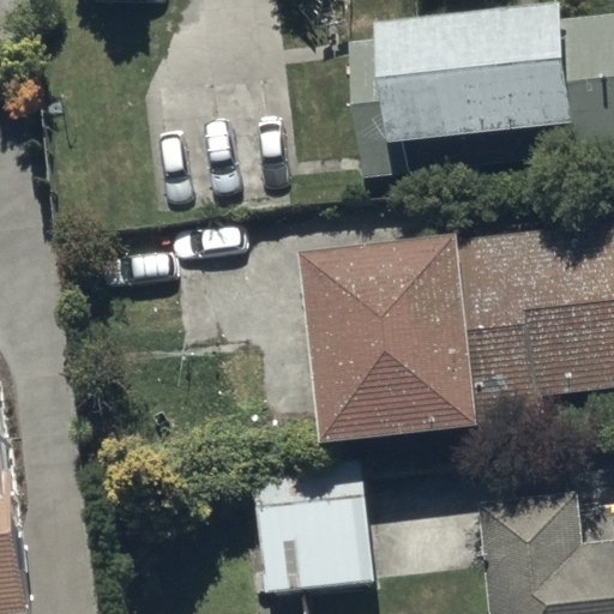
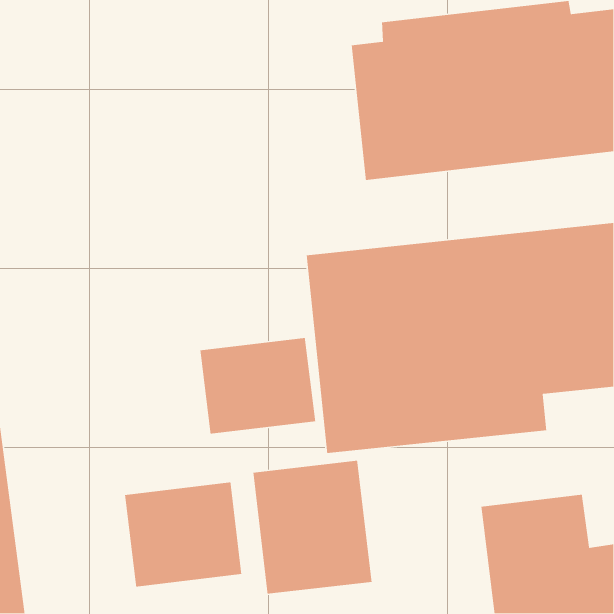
building: none -> [199,337,316,435]
building: none -> [124,481,242,588]

